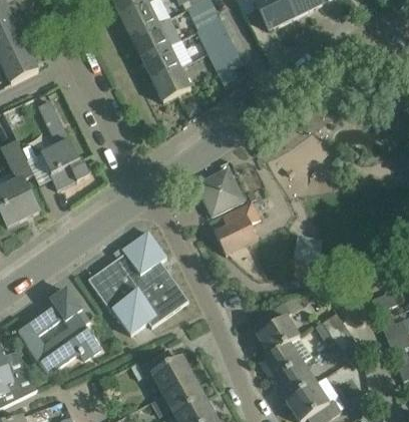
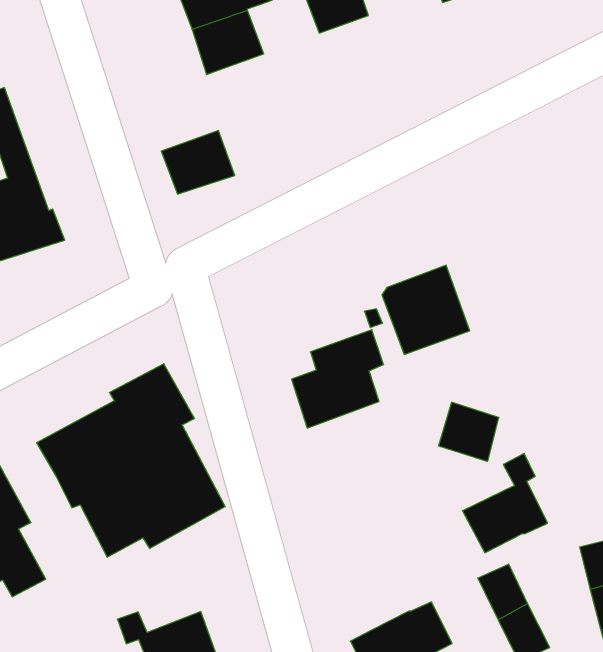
building: [207,39,242,73] -> none
building: [151,65,190,100] -> [161,131,235,194]
building: [196,166,244,215] -> [382,265,470,354]
building: [256,300,300,353] -> [462,453,547,553]

